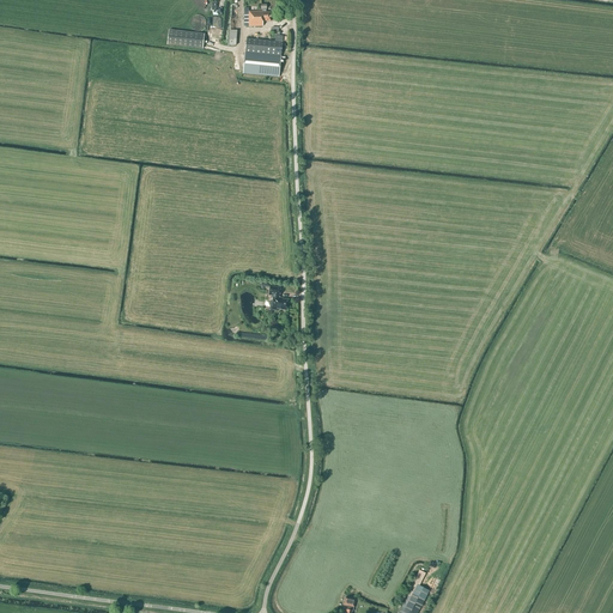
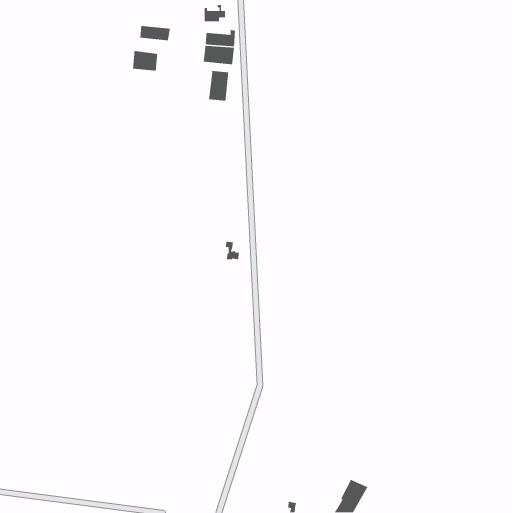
building: none -> [132,50,158,71]
building: none -> [208,70,229,102]

